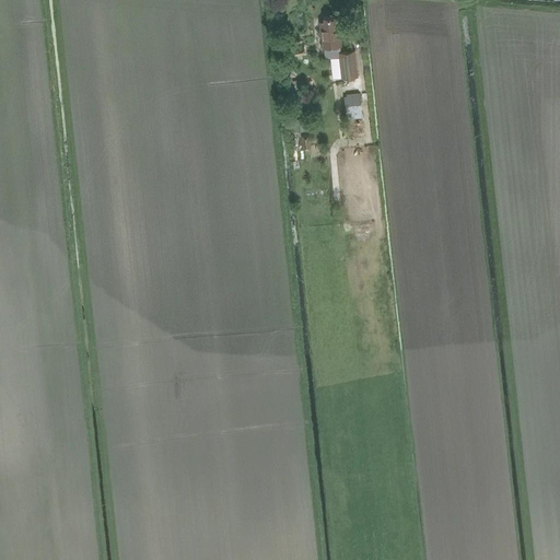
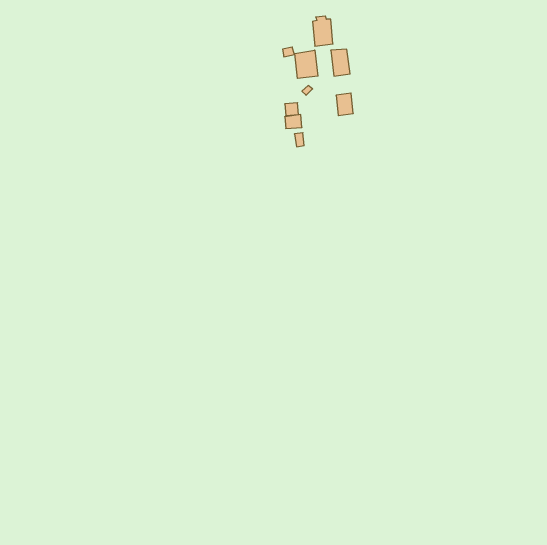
building: none -> [295,50,318,78]

